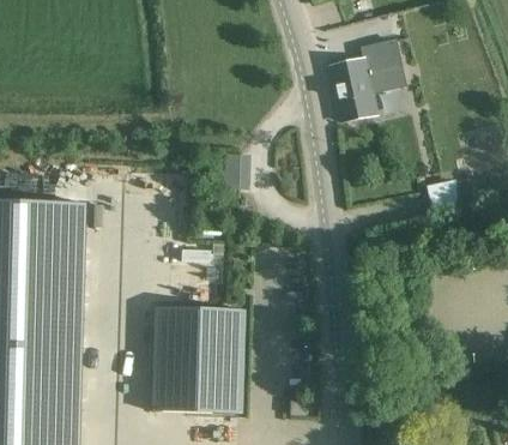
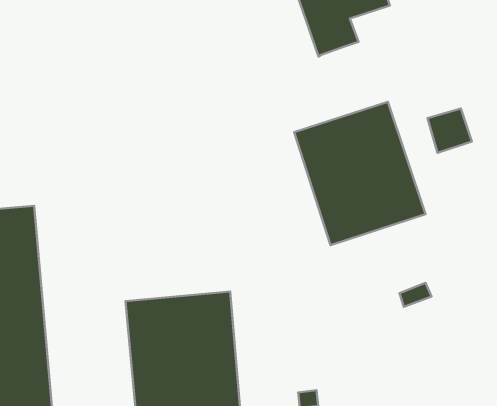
building: [223,151,250,186] -> none
building: none -> [294,102,425,245]

